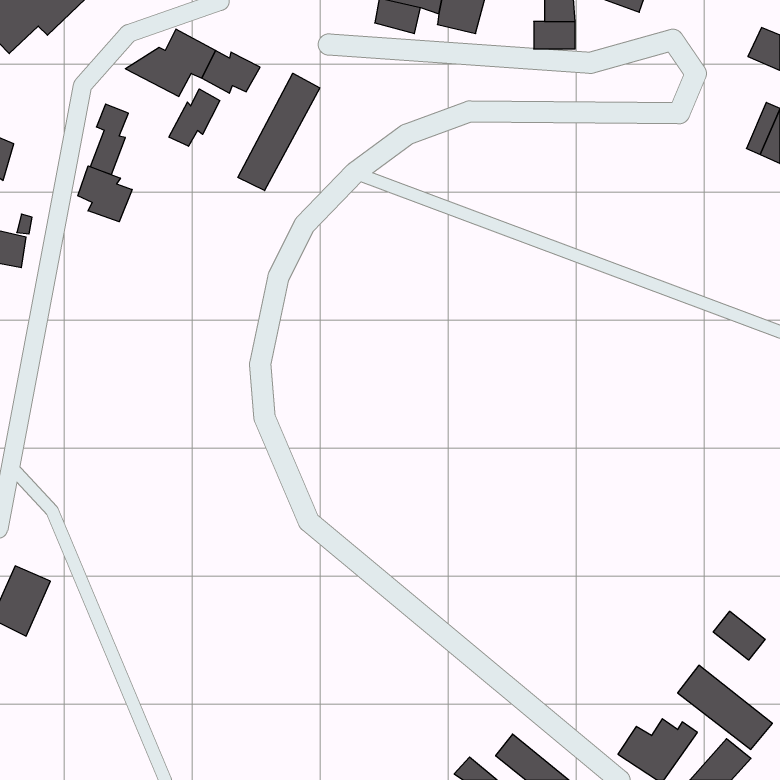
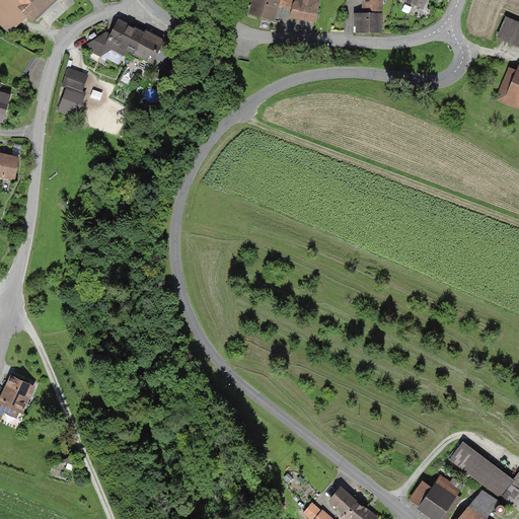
building: [238,73,320,191] -> none
building: [169,89,220,146] -> none
building: [78,166,132,222] -> none
building: [713,611,765,660] -> none

